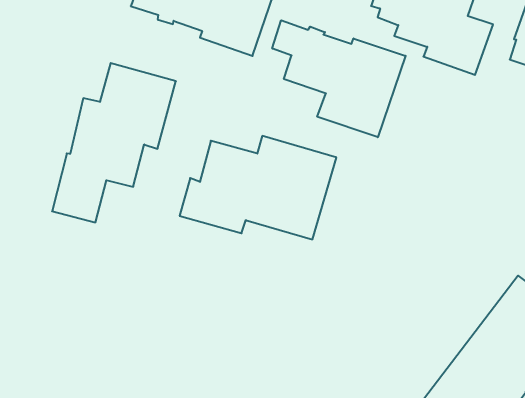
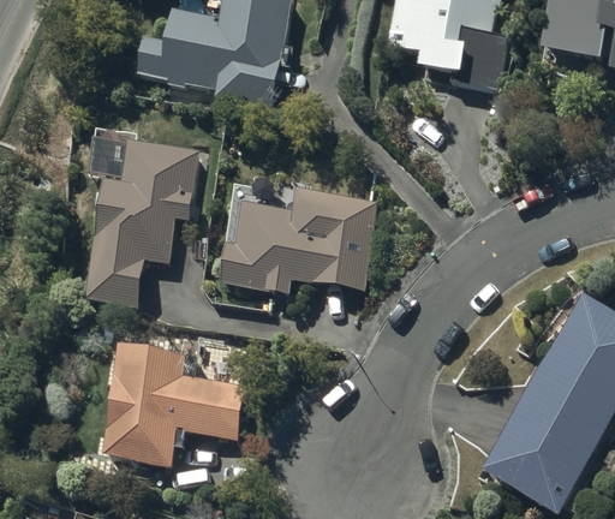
building: [272,20,406,137] -> none
building: none -> [105,345,243,465]

